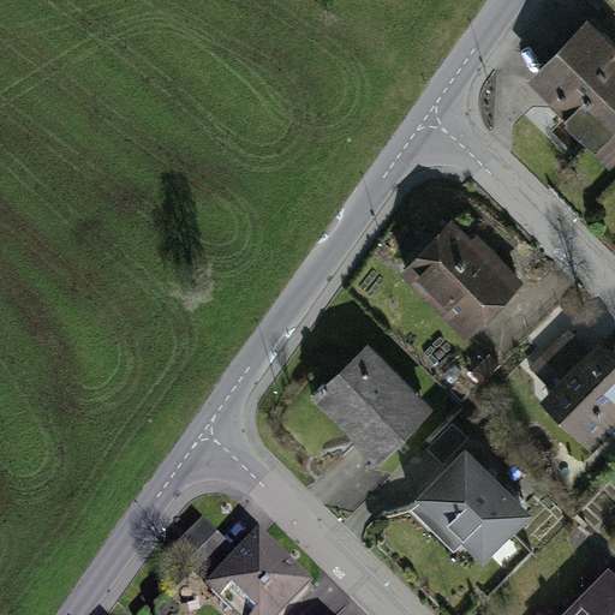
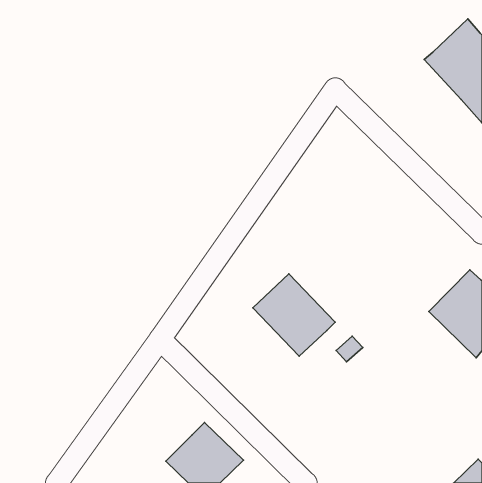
building: [406,222,512,329] -> none
building: [414,452,536,571] -> none

